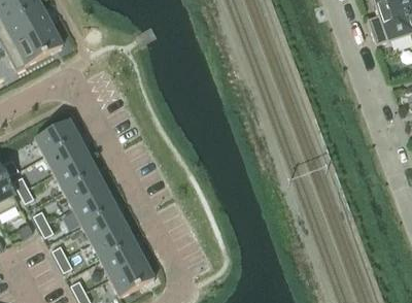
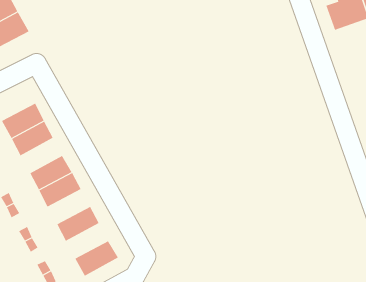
building: [54,154,97,190] -> none
building: [81,206,126,242] -> none
building: [100,241,144,277] -> none

